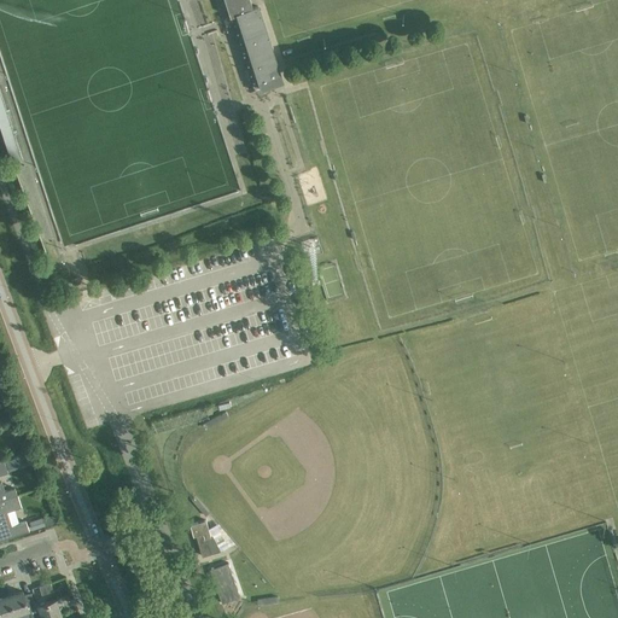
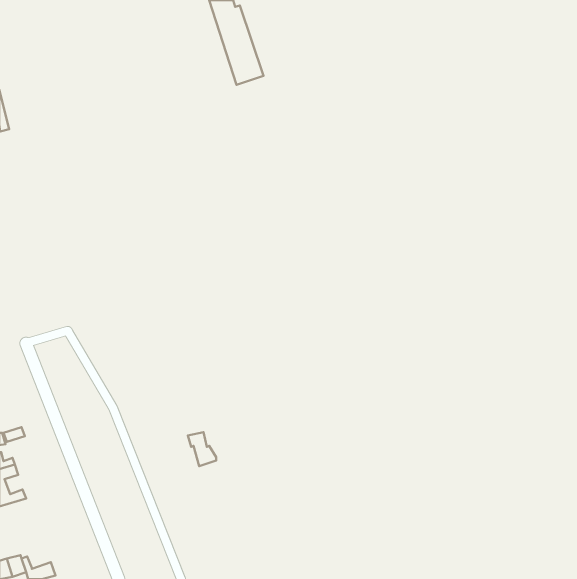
building: [188,520,218,556] -> [188,432,216,466]
building: [209,562,238,602] -> none

